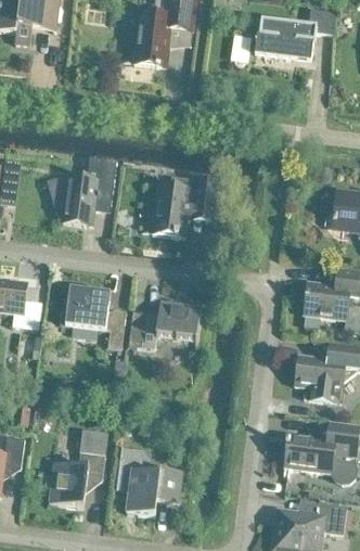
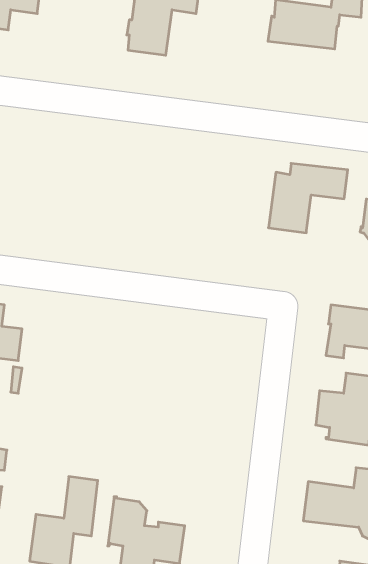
building: [48,156,117,225] -> none
building: [152,177,220,236] -> [268,163,348,233]
building: [60,286,126,345] -> none
building: [128,298,201,347] -> none

